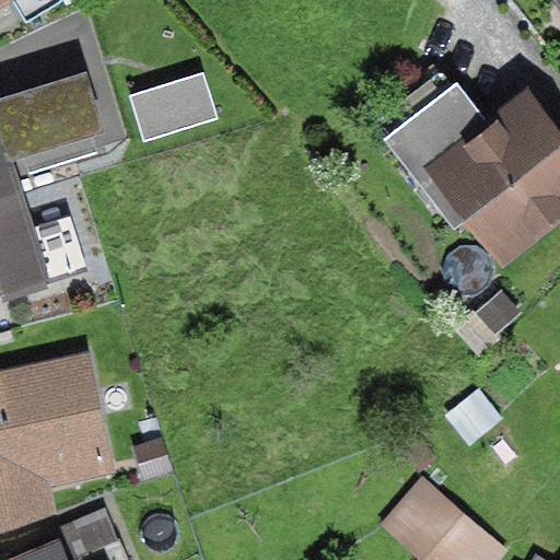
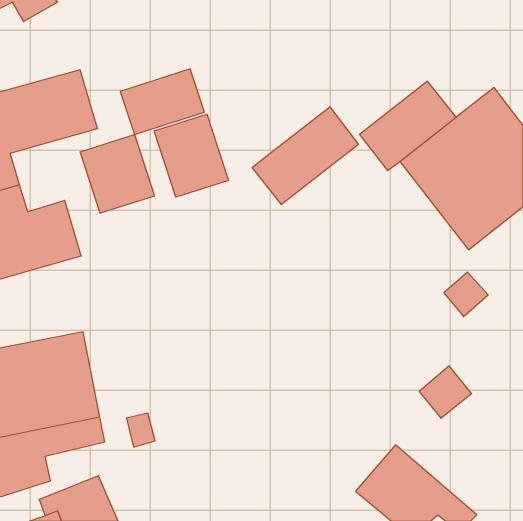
building: none -> [252,107,359,204]
building: none -> [154,114,228,197]
building: none -> [80,135,154,213]

